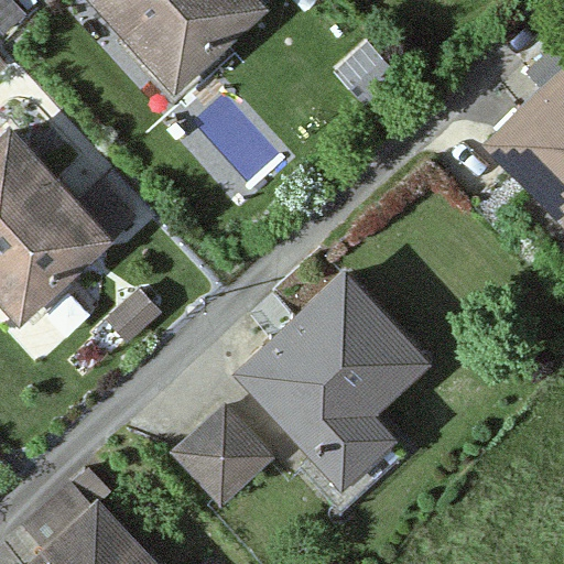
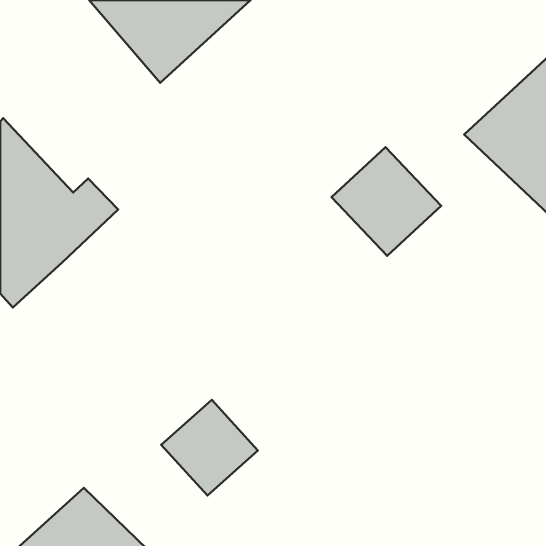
building: none -> [332,147,441,256]
building: [235,264,429,485] -> none

